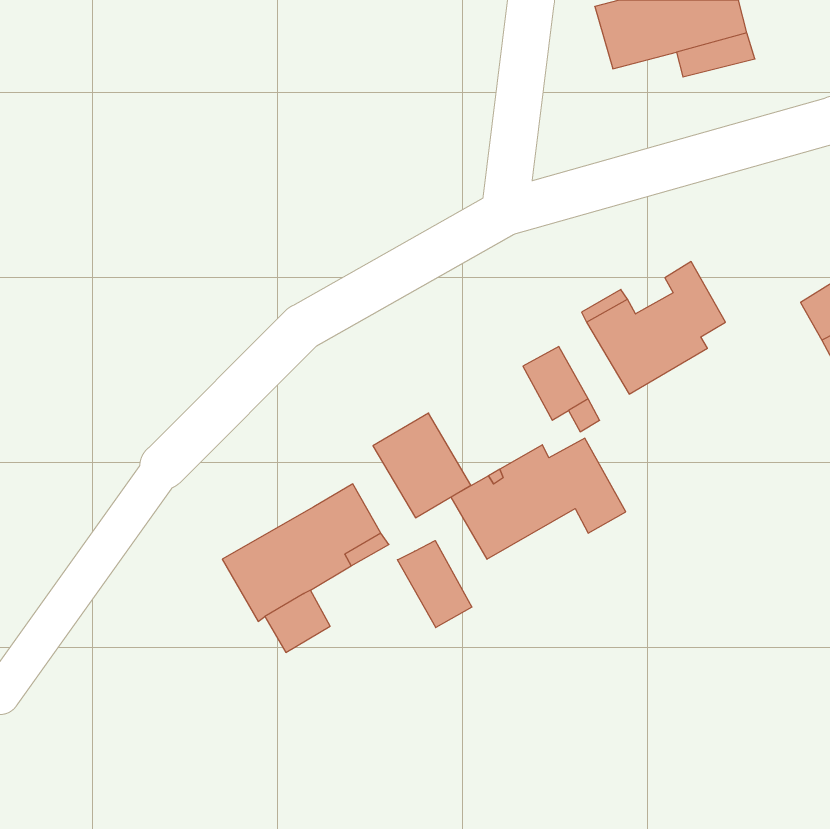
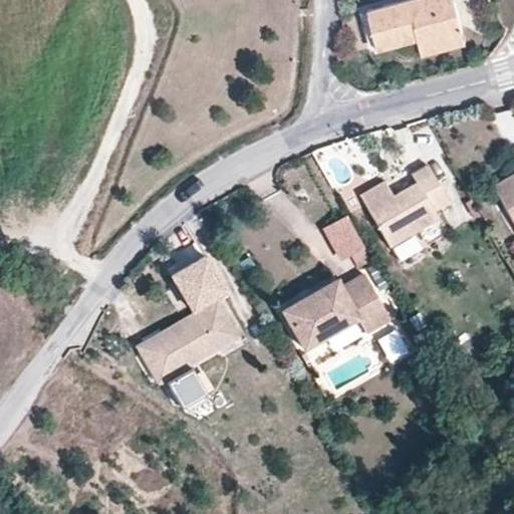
building: [373,413,471,518] -> [170,251,230,315]
building: [397,541,472,628] -> none

